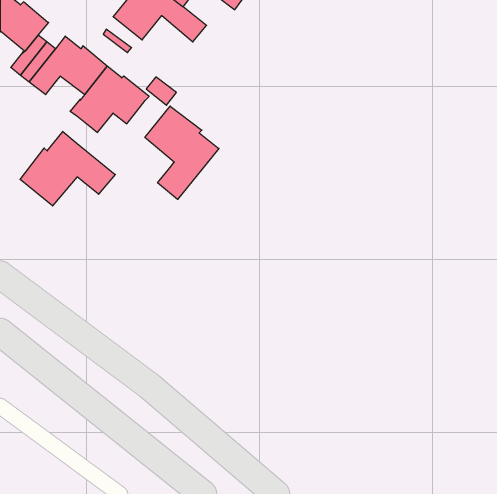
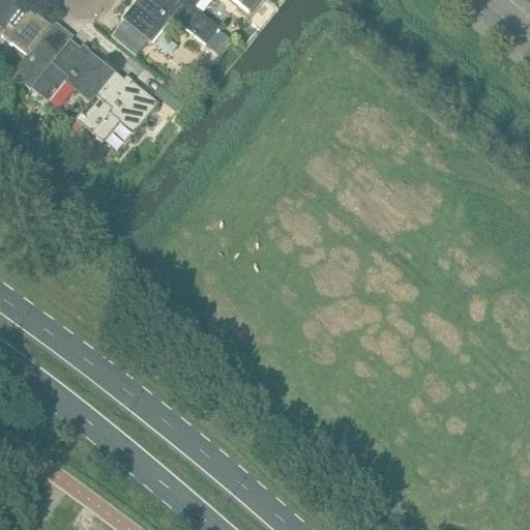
building: [145,106,219,199] -> none
building: [20,131,115,206] -> none

